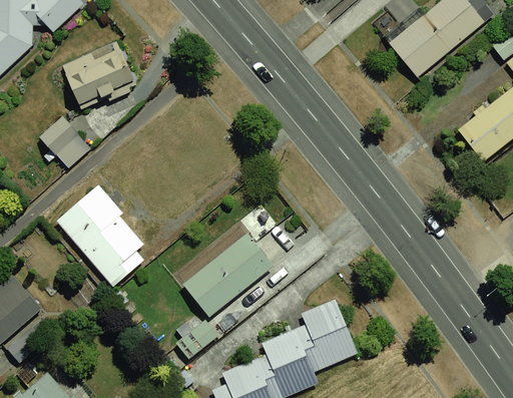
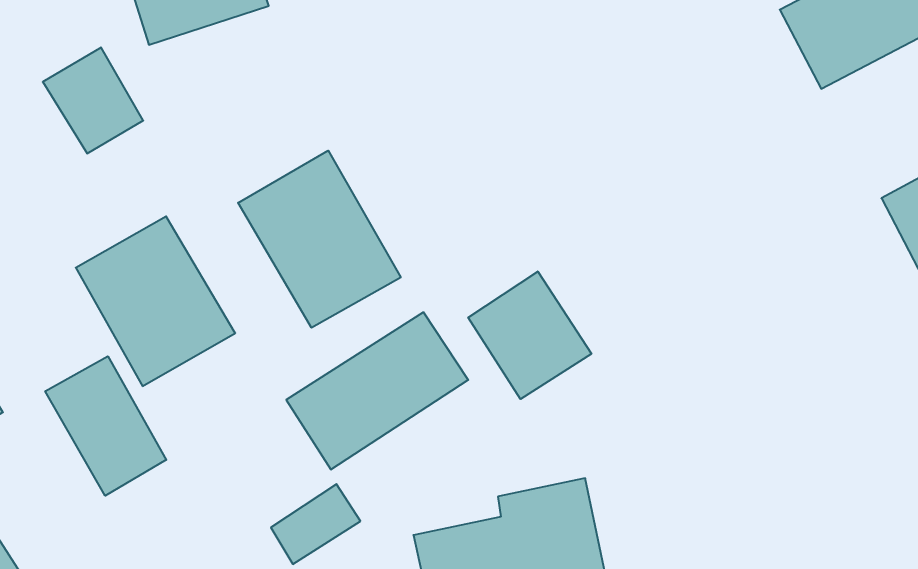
building: none -> [238,151,401,328]
building: none -> [468,271,591,399]
building: none -> [45,356,166,496]

